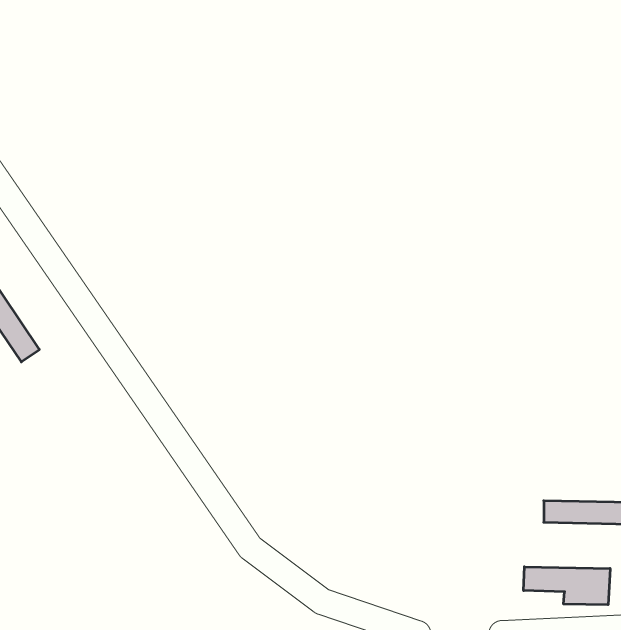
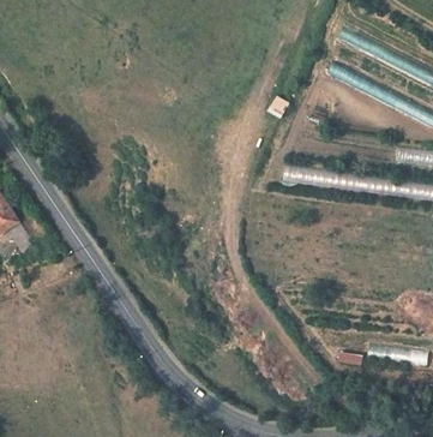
building: [524,567,610,605] -> none

